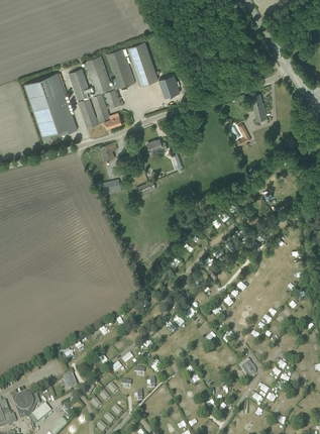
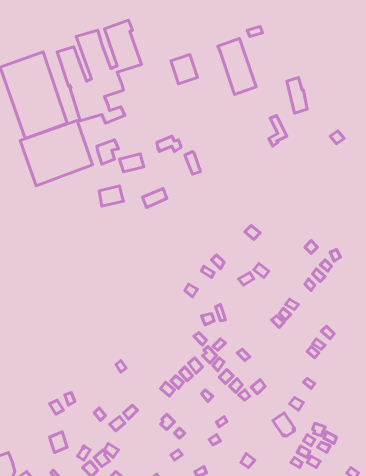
building: [127,41,157,86] -> [218,38,256,95]
building: none -> [20,121,93,186]

